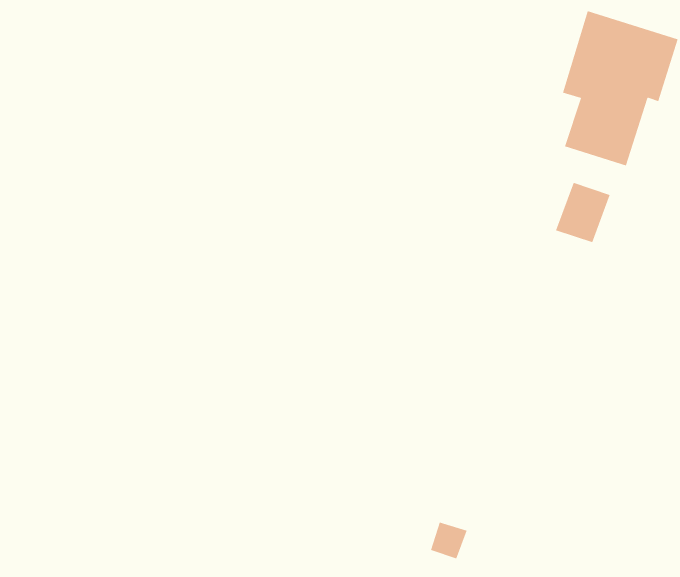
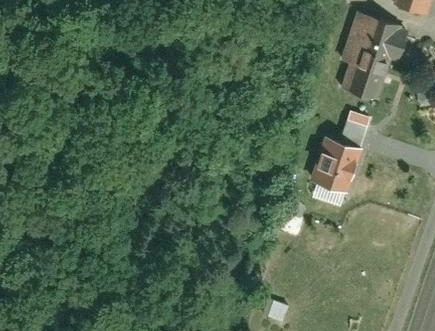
building: none -> [313,136,361,190]

